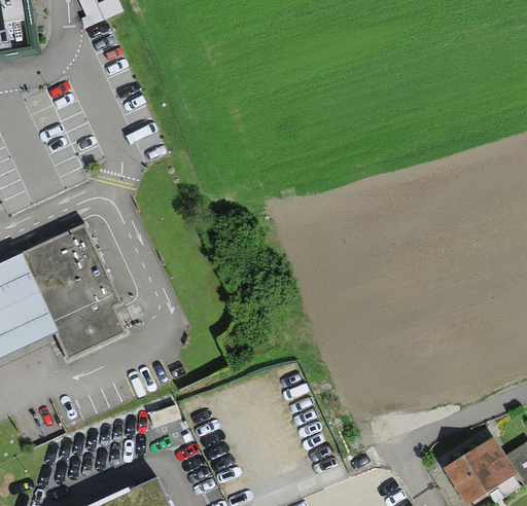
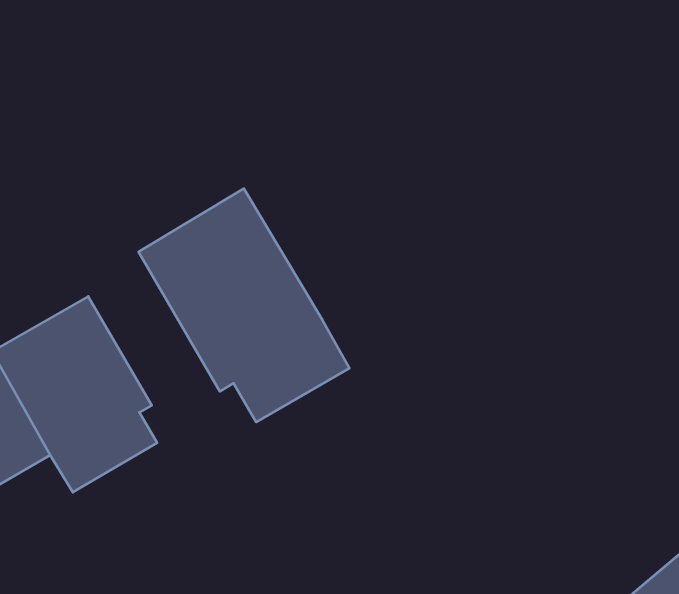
building: none -> [139,189,349,422]

